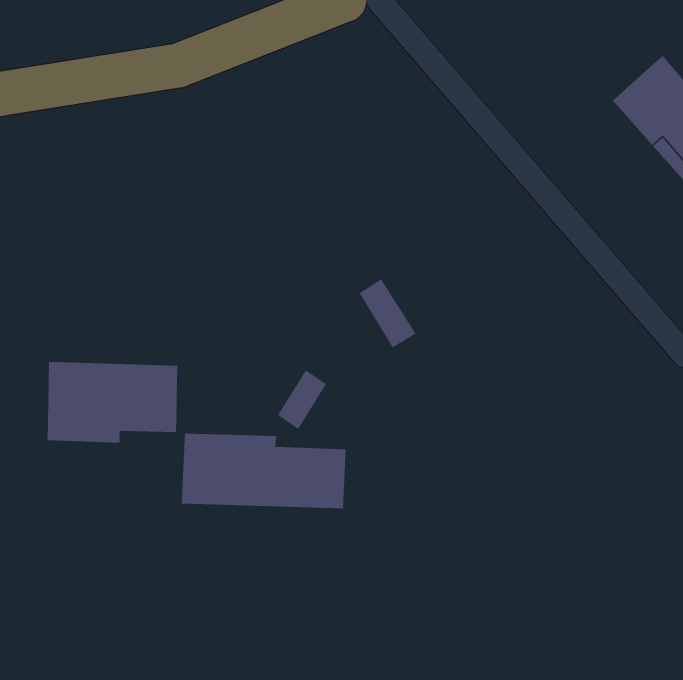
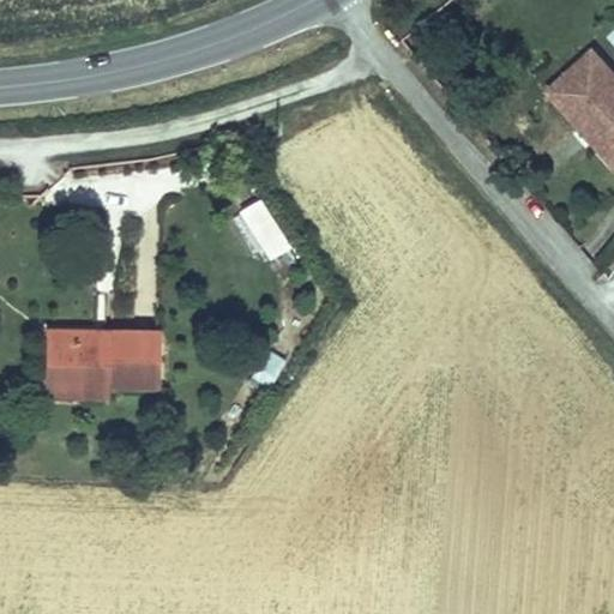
building: [359,278,416,348] -> [240,199,291,261]
building: [181,433,346,509] -> none

